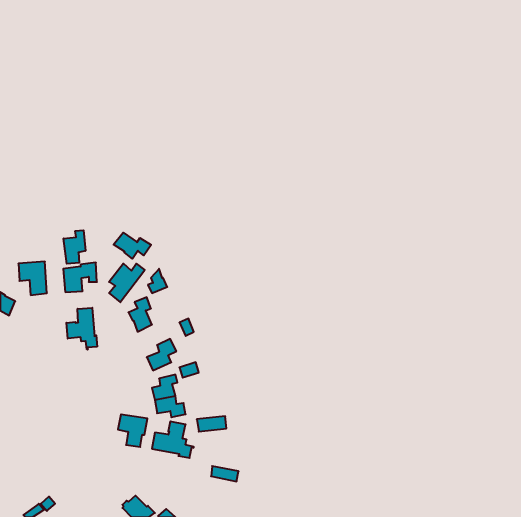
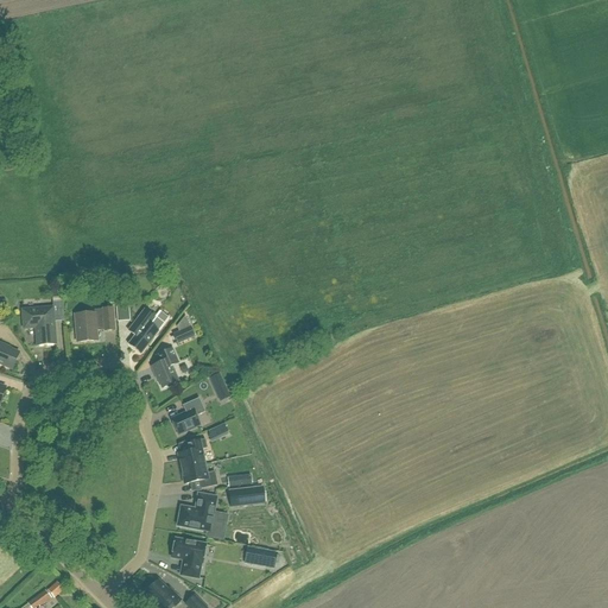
building: [64,230,85,264] -> none
building: [114,233,151,259] -> none
building: [66,308,97,350] -> none
building: [118,414,147,447] -> [171,538,205,576]

